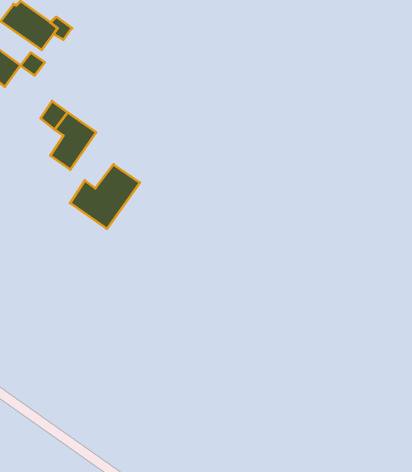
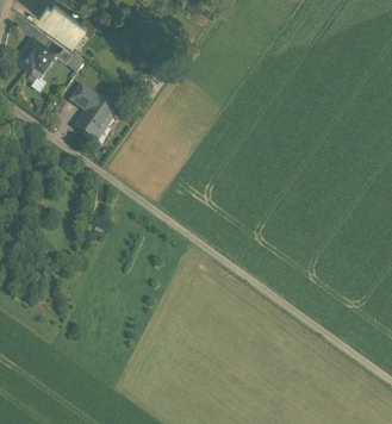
building: [70,164,140,229] -> none

